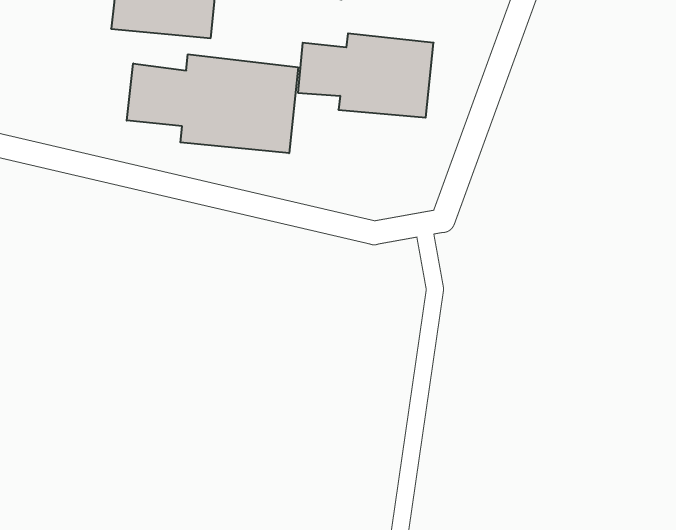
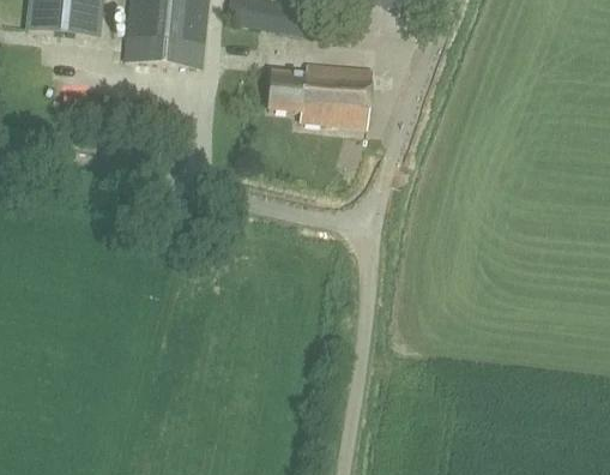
building: [127,54,298,153] -> none

